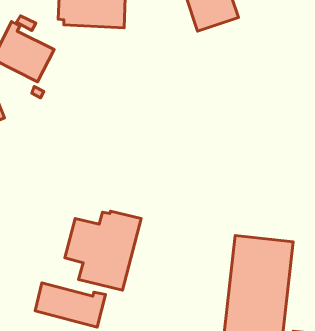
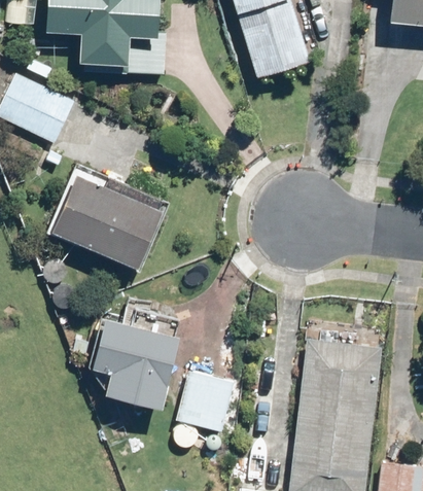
building: none -> [52,175,163,269]
building: none -> [177,372,233,430]
building: [35,283,106,327] -> none

